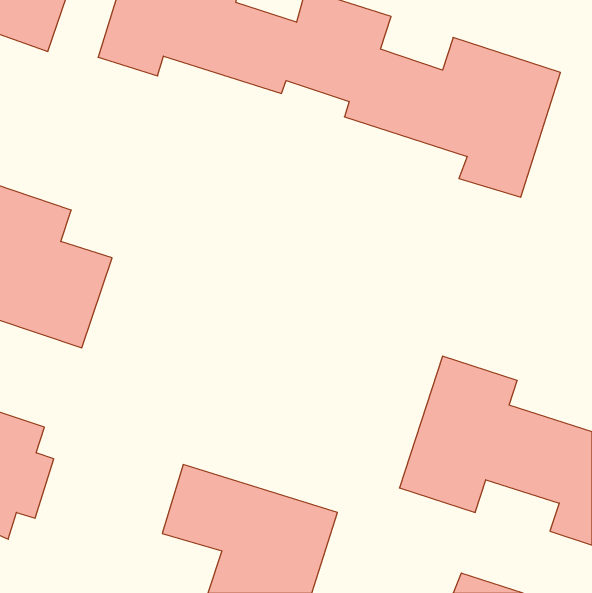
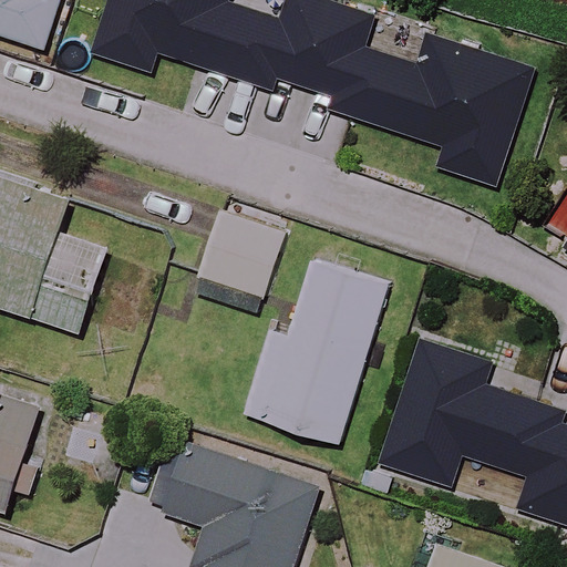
building: none -> [198,209,285,295]
building: none -> [245,257,389,440]

